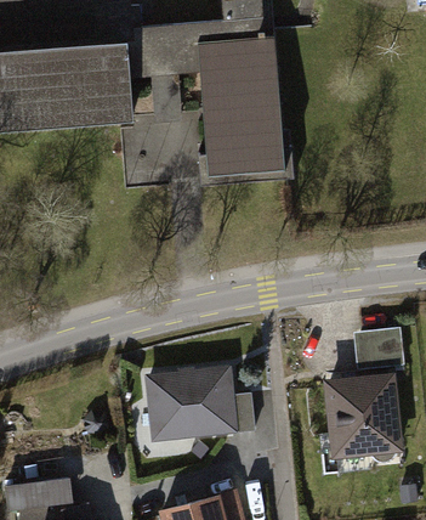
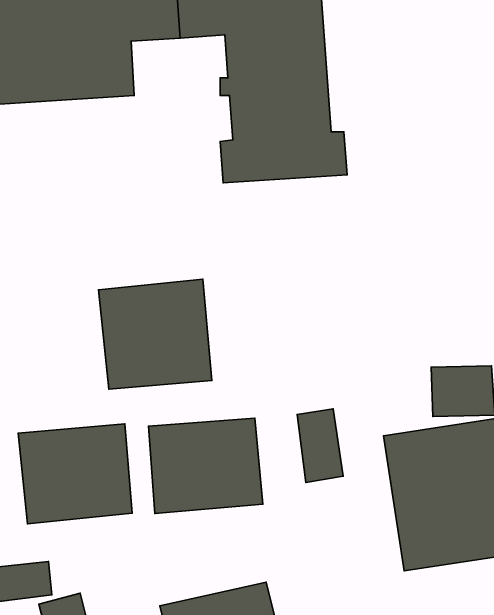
building: none -> [98,279,212,389]
building: none -> [297,409,343,482]
building: none -> [18,424,132,524]

